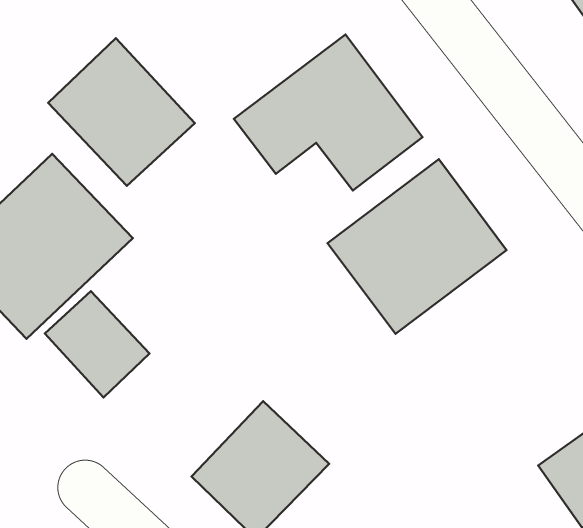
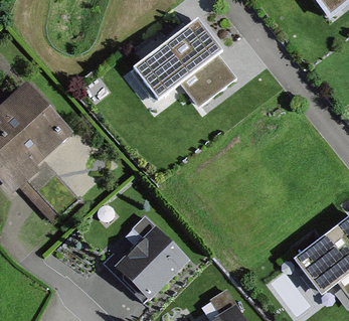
building: [48,38,195,186] -> none
building: [328,159,507,334] -> none

